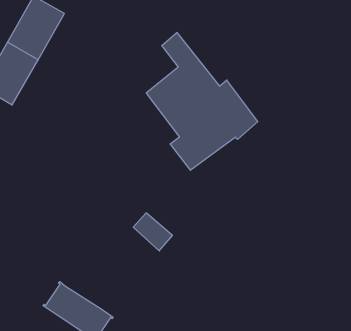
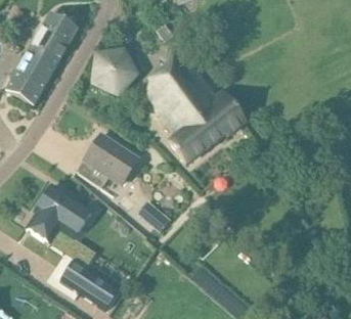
building: none -> [94,46,149,98]
building: none -> [76,133,137,187]
building: none -> [27,185,91,243]

